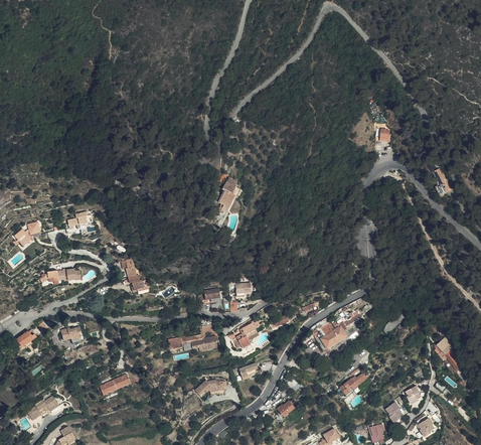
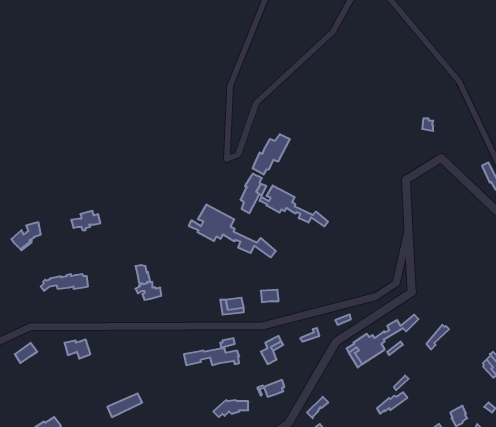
building: none -> [253,134,290,175]
building: none -> [260,185,328,226]
building: none -> [189,204,276,257]

